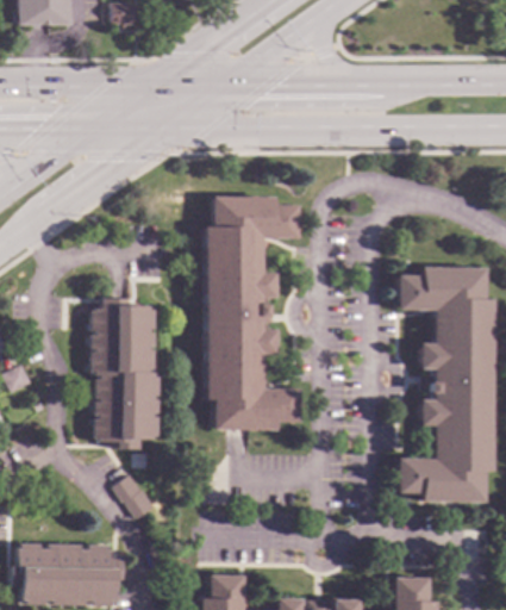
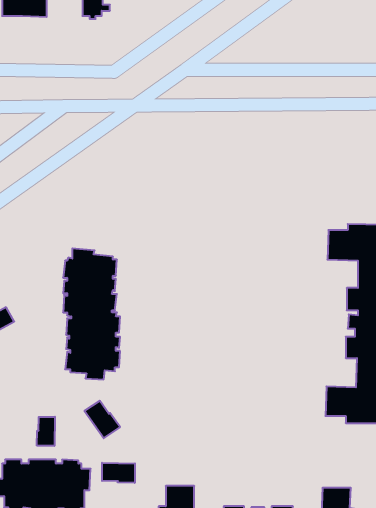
building: [207,198,300,430] -> none
building: none -> [37,417,55,446]
building: none -> [102,463,135,483]

